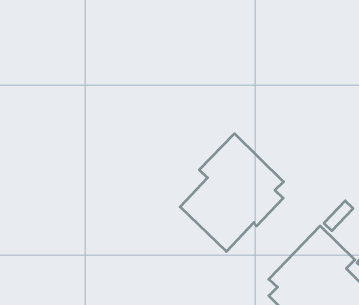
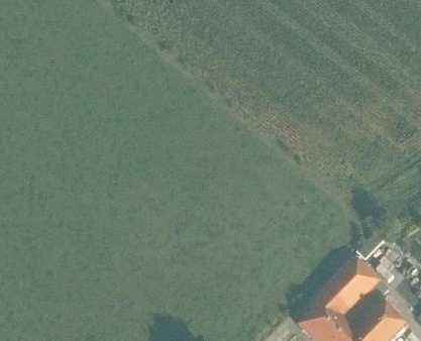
building: [180,134,284,252] -> none

